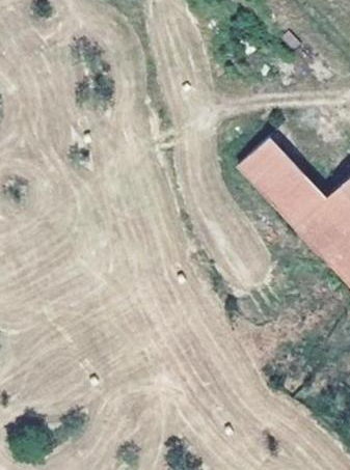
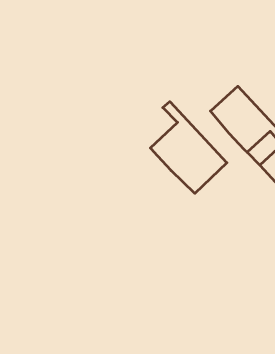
building: none -> [150,102,227,193]

